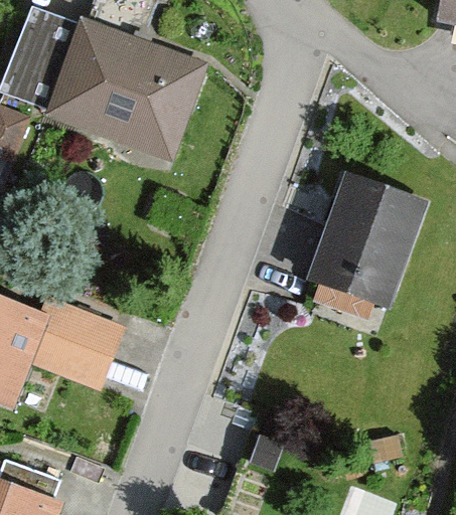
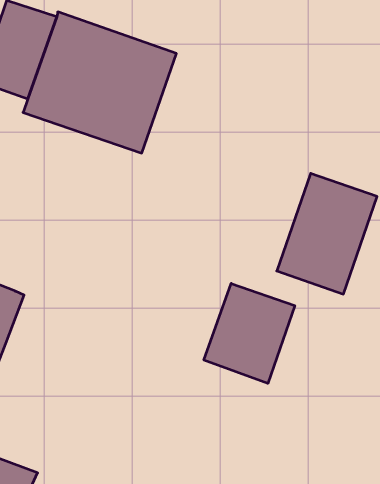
building: [30,296,124,390] -> none
building: none -> [204,283,295,383]

